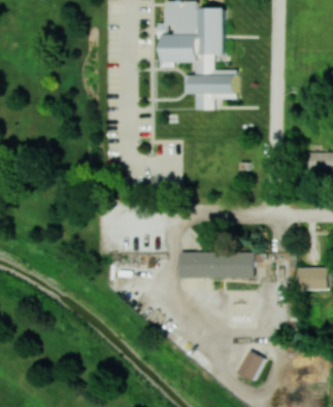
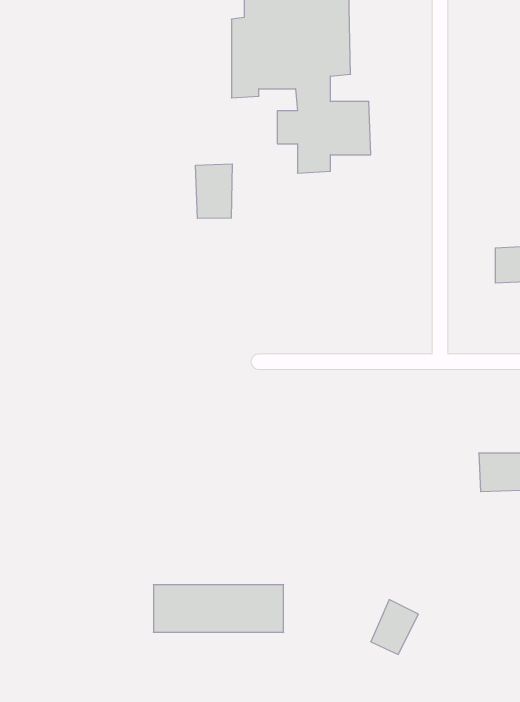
building: none -> [196,164,232,218]
building: [180,250,254,277] -> [153,585,284,632]

